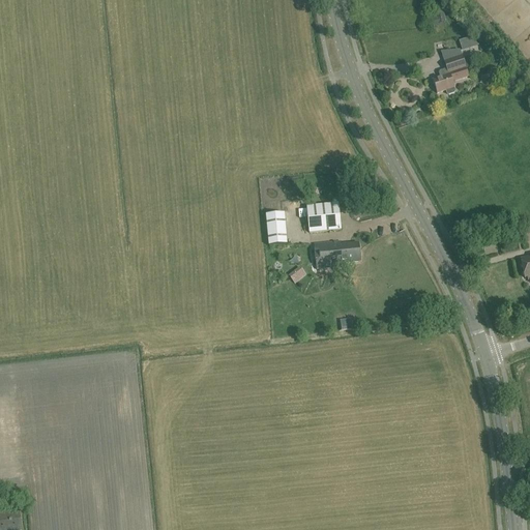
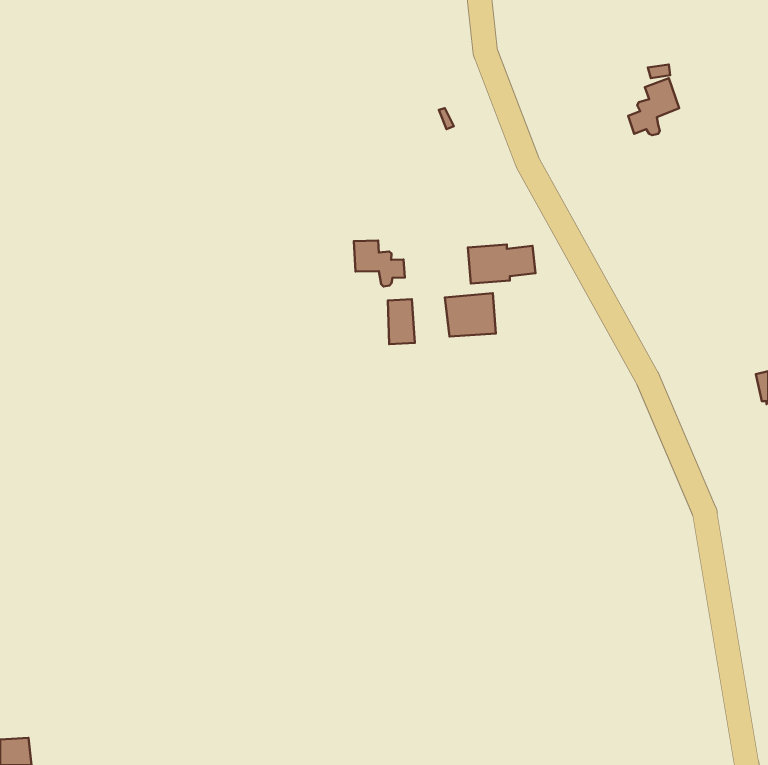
building: none -> [354,240,405,286]
building: [314,240,360,267] -> [468,244,535,284]

